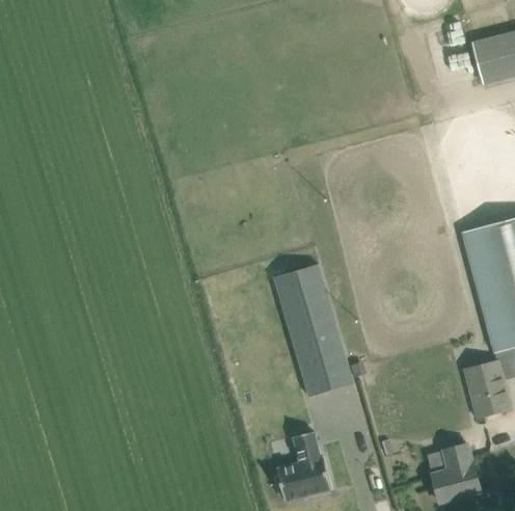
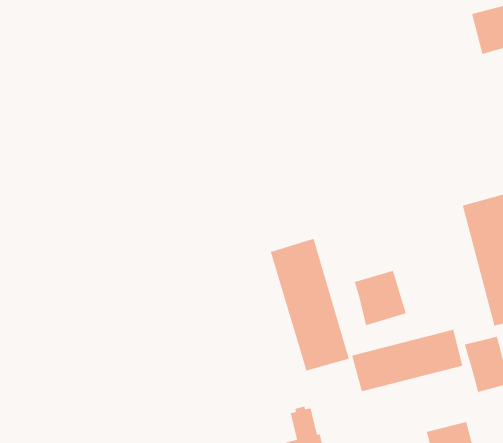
building: none -> [354,270,407,326]
building: none -> [351,329,463,392]

